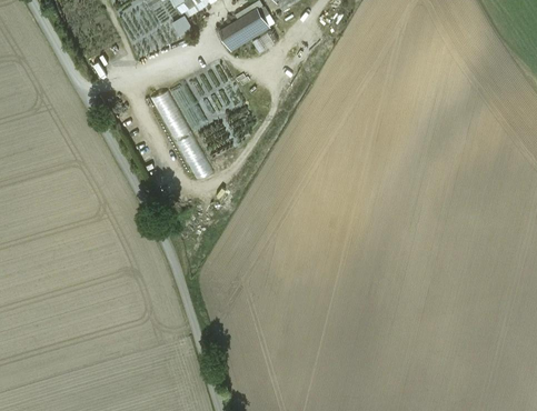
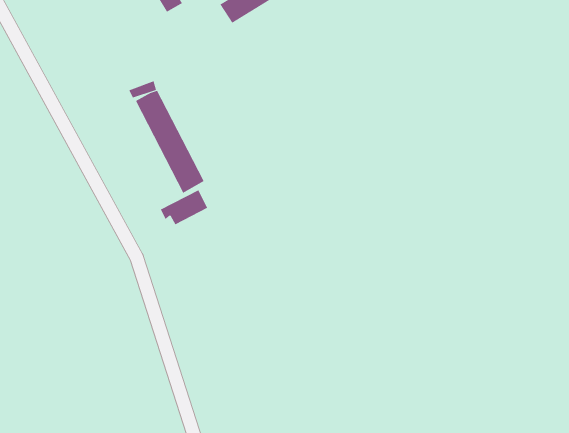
building: none -> [160,189,208,225]

